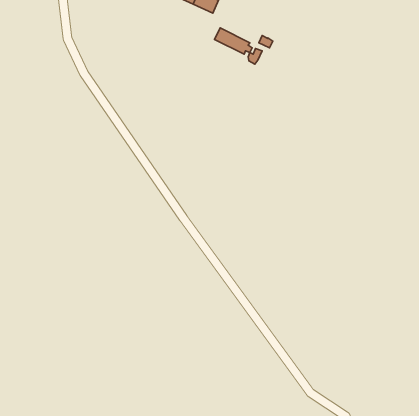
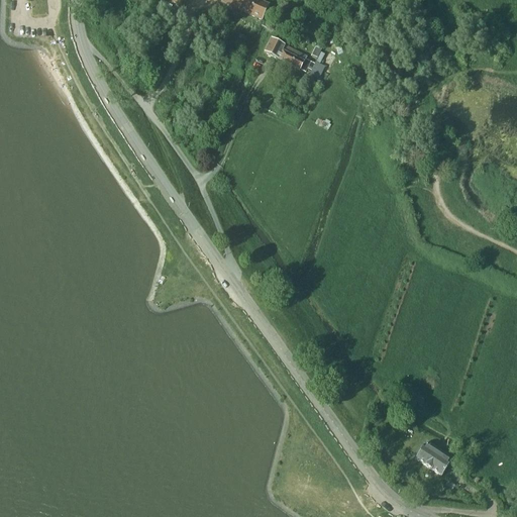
building: none -> [416,441,450,473]

